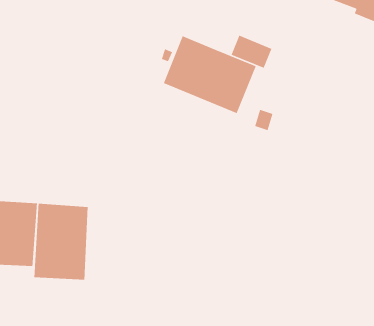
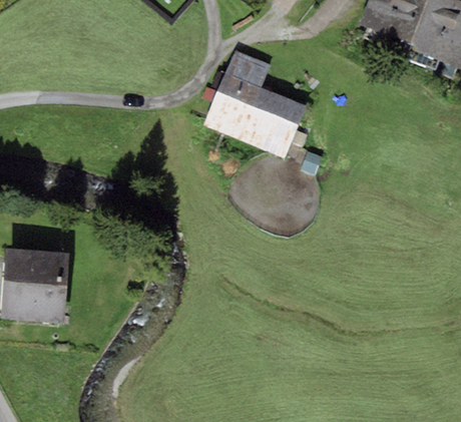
building: [231,35,272,69] -> [224,50,270,87]
building: [34,203,89,280] -> none

